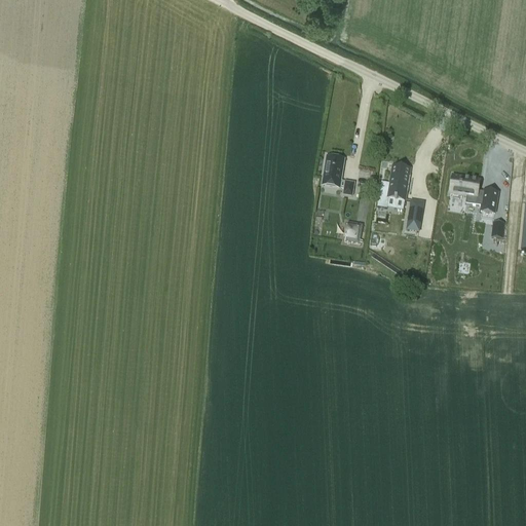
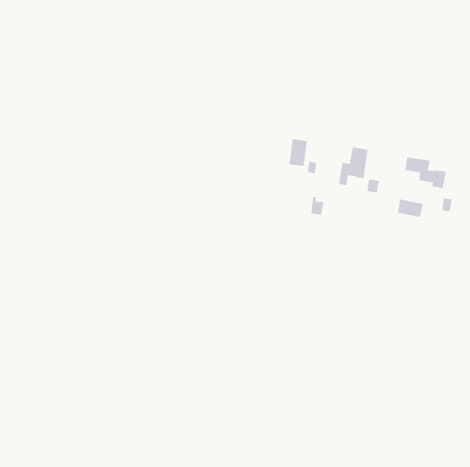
building: none -> [397,198,424,218]

